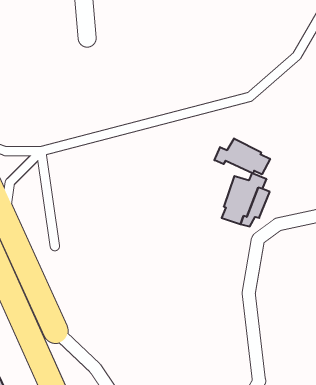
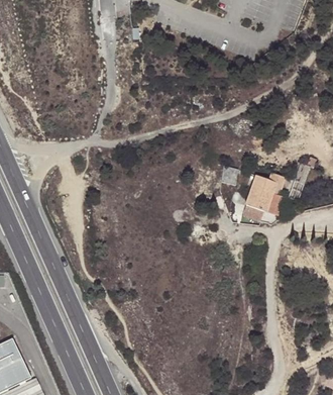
building: [214,138,270,174] -> none

